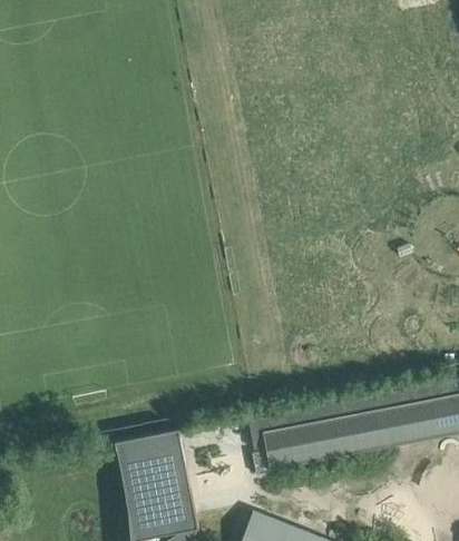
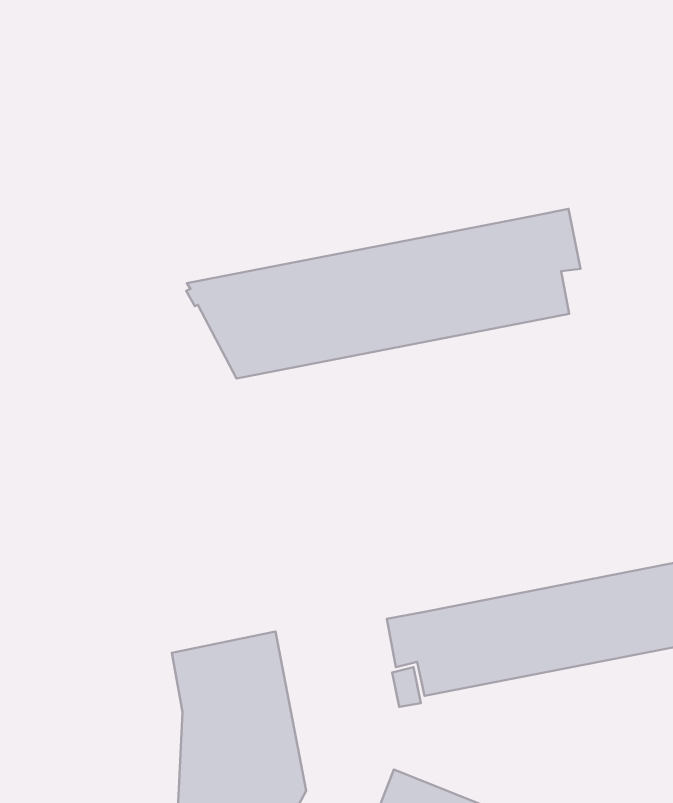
building: none -> [186,209,581,378]

